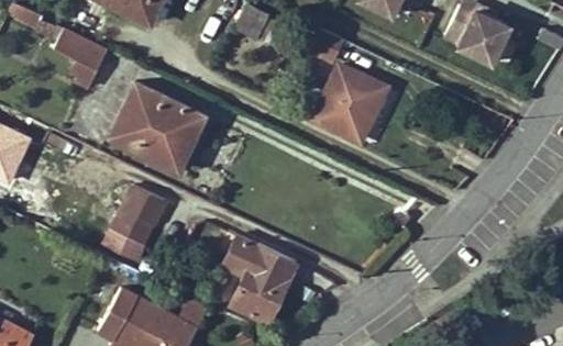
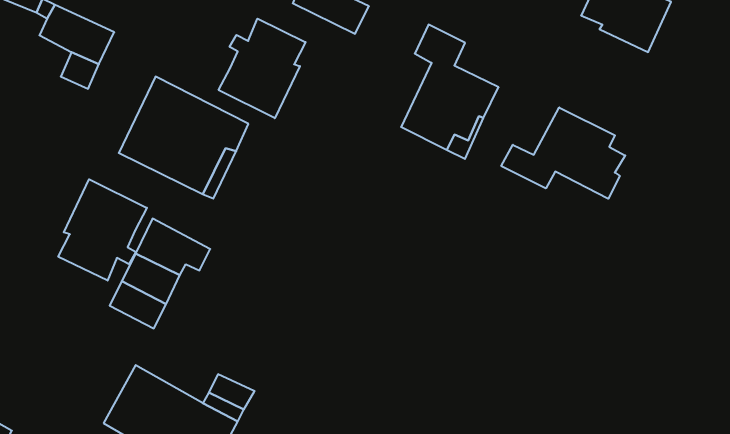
building: none -> [219,19,306,118]
building: none -> [501,107,625,199]
building: none -> [58,179,147,281]
building: [222,236,296,322] -> none

